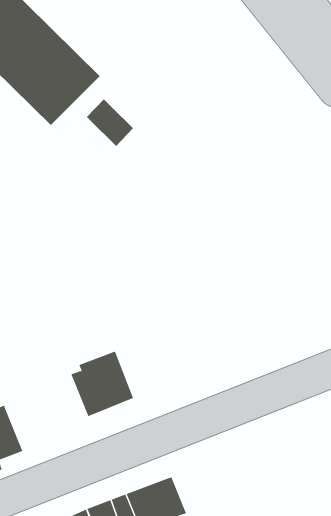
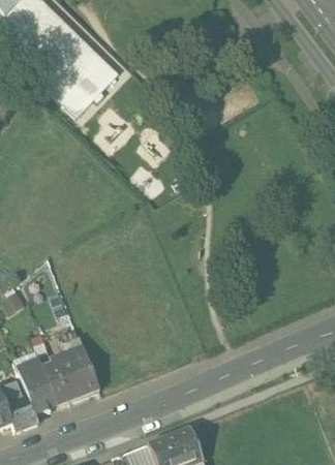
building: [86,98,134,147] -> none
building: [70,351,134,417] -> [39,346,96,405]

